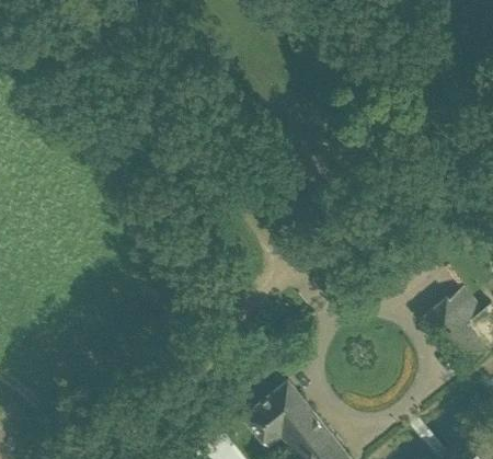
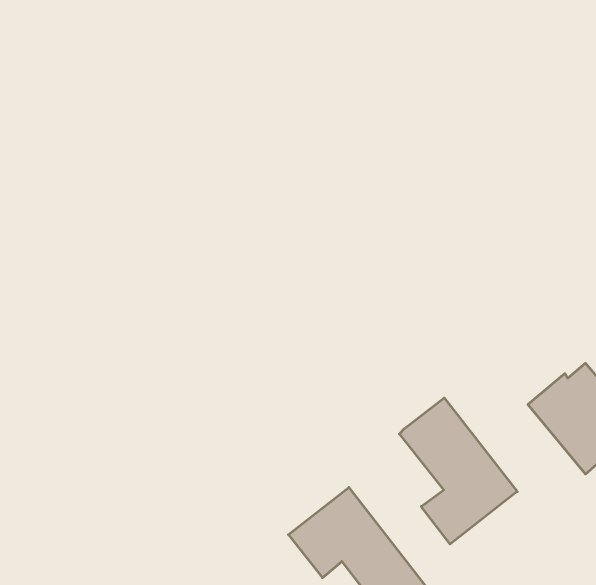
building: none -> [399,398,517,544]

